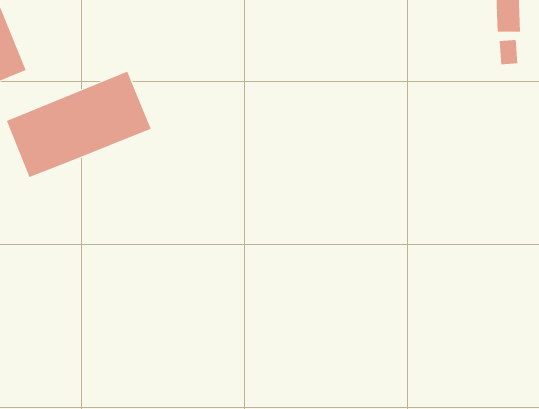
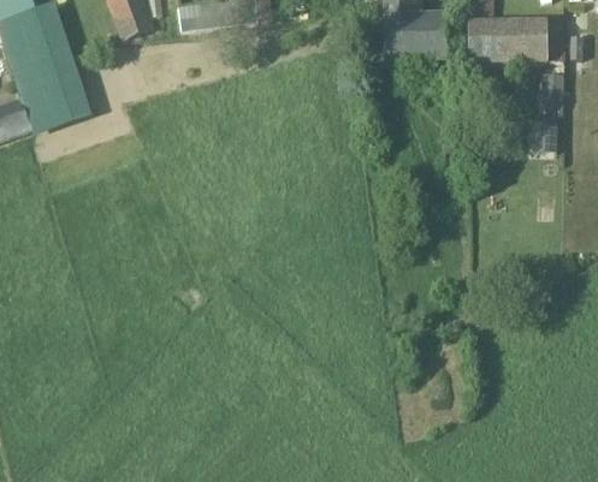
building: [6,71,152,178] -> none

